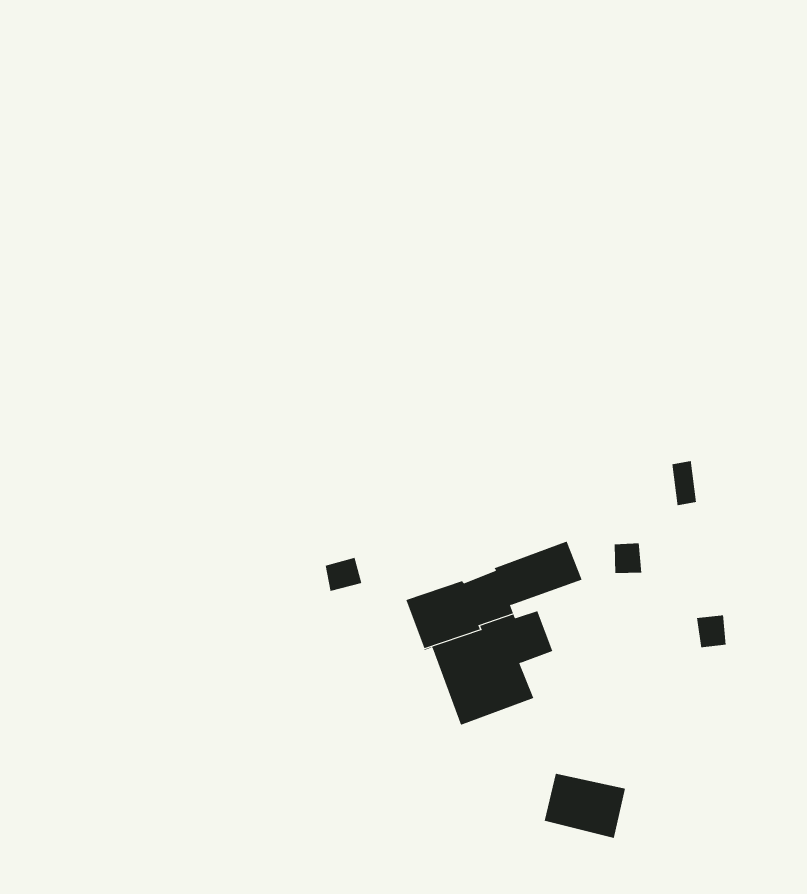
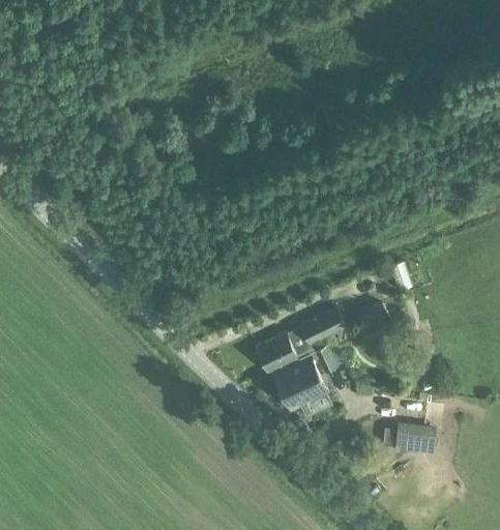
building: [544,773,626,838] -> [392,423,434,454]

